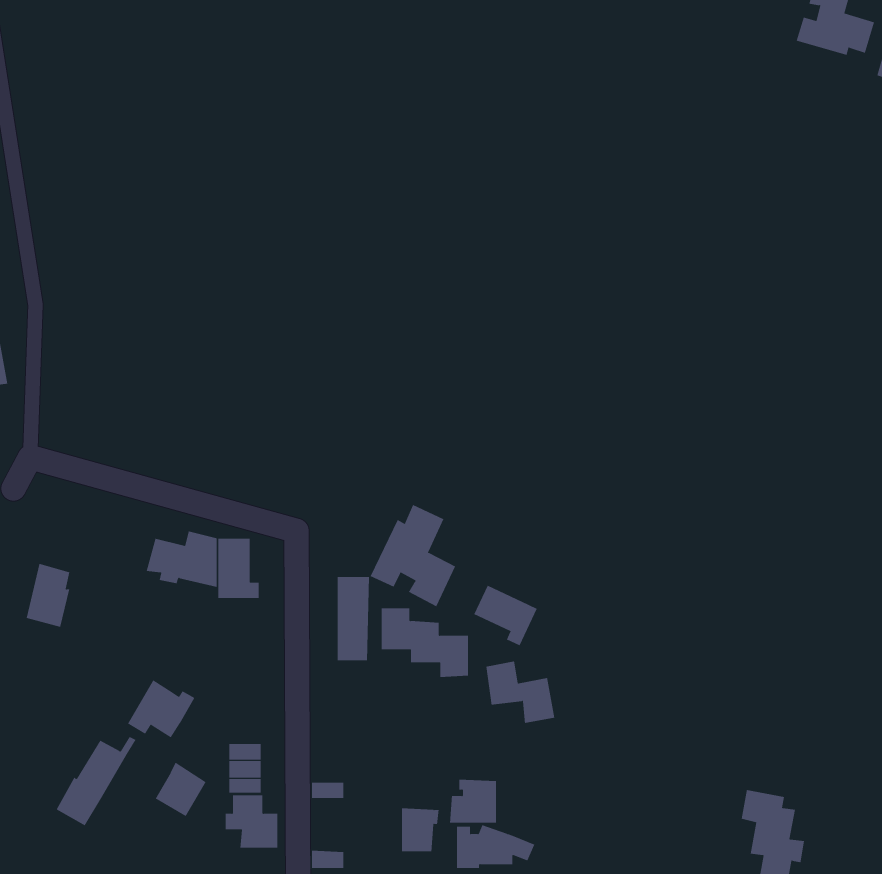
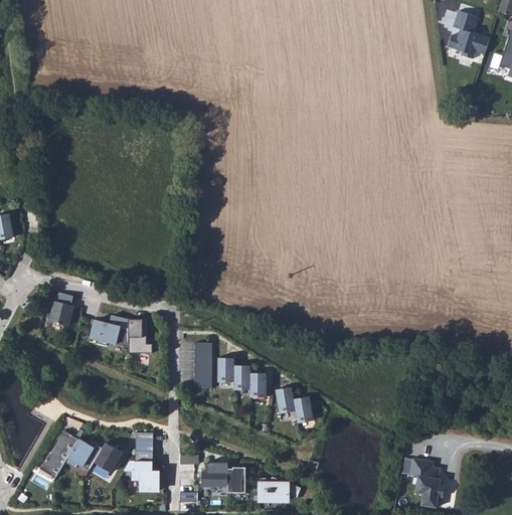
building: [370,504,456,607] -> none
building: [26,563,70,627] -> [48,292,72,327]
building: [473,585,538,646] -> none
building: [127,680,195,738] -> [64,439,102,471]
building: [449,779,497,823] -> [202,462,228,486]

